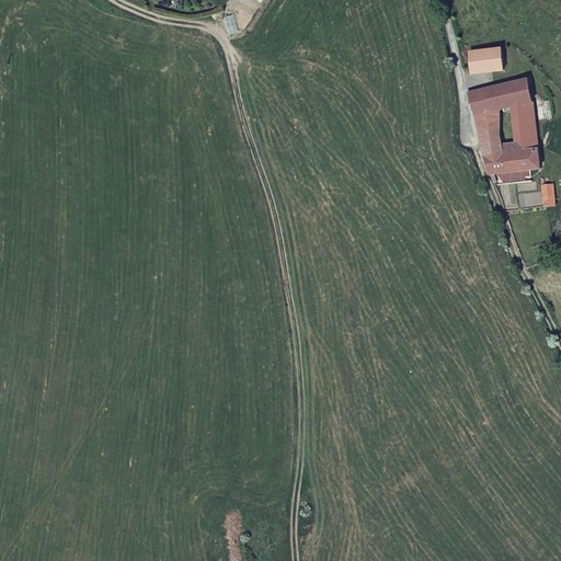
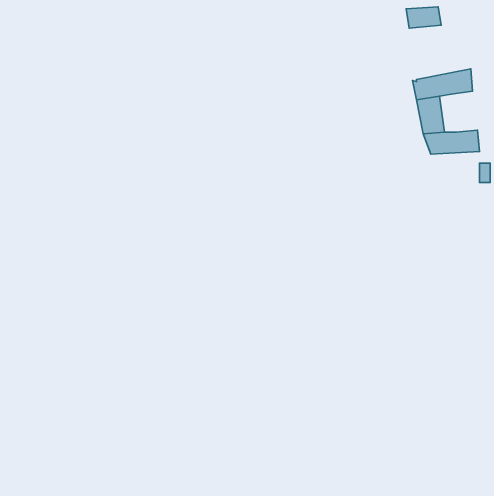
building: [465,48,504,72] -> [406,7,441,28]
building: [510,103,539,149] -> none

